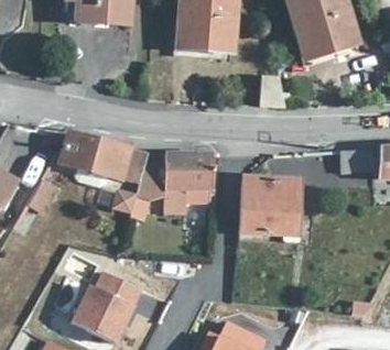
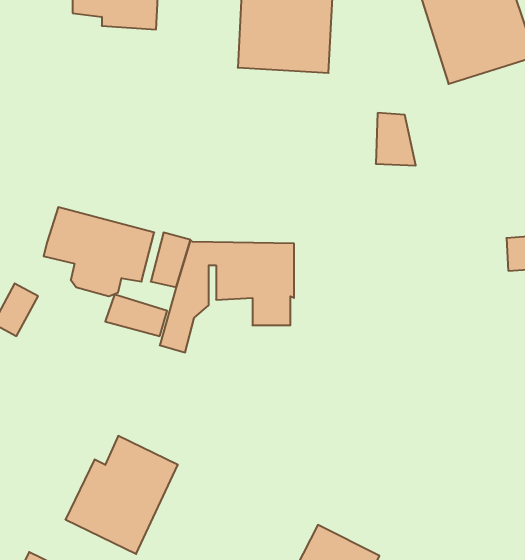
building: [240,177,296,233] -> none

